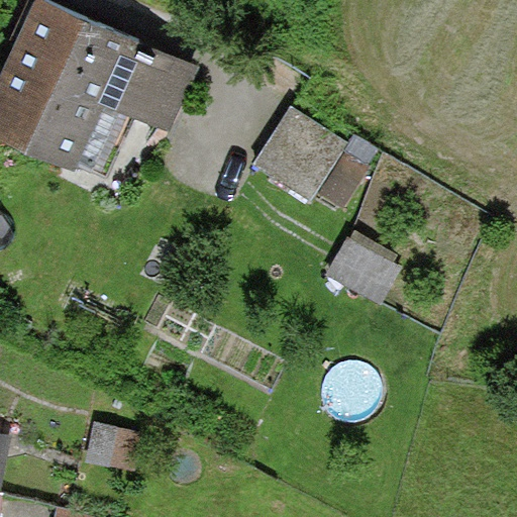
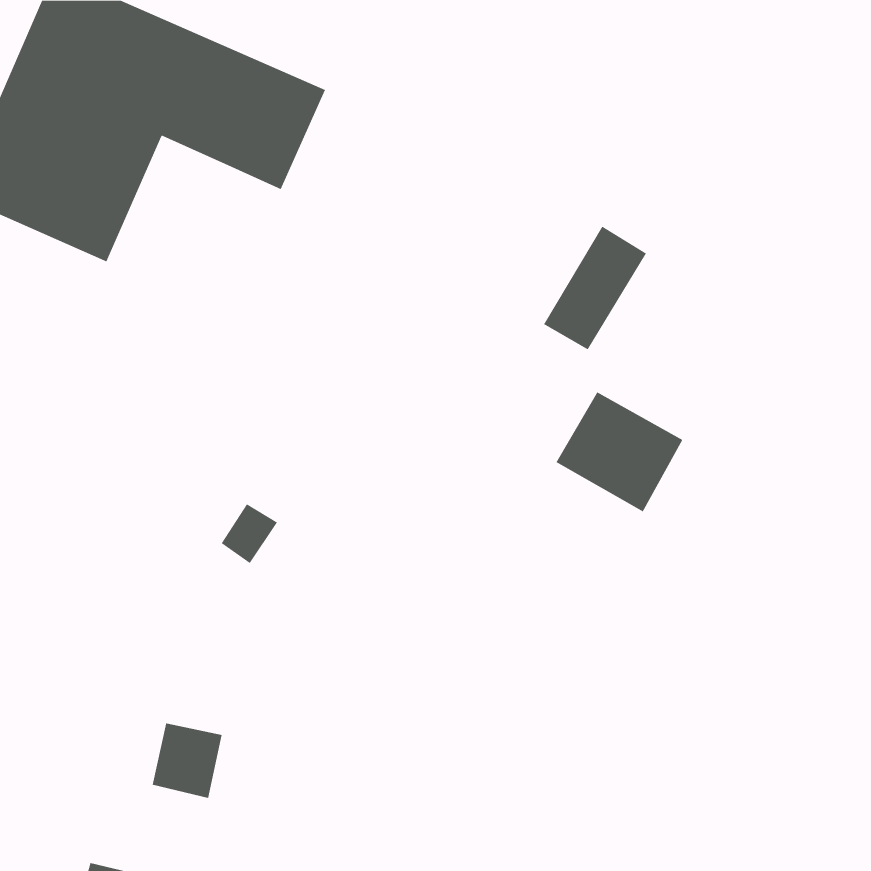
building: [63,86,135,177] -> none
building: [252,112,346,206] -> none

